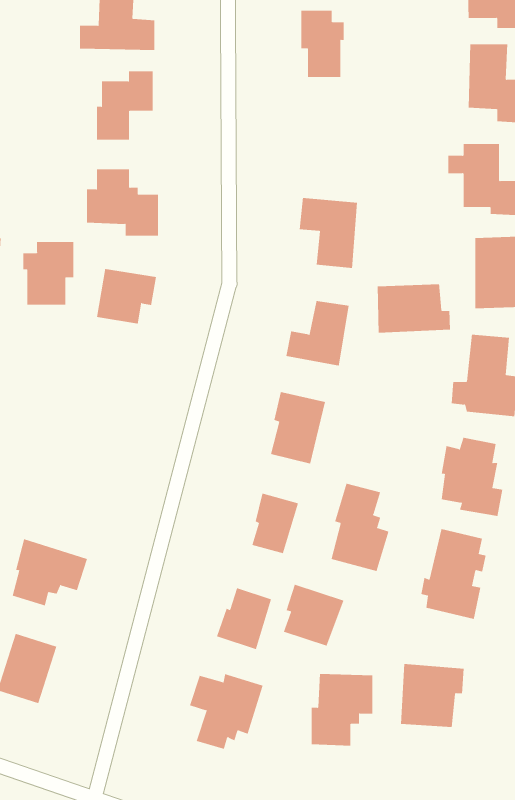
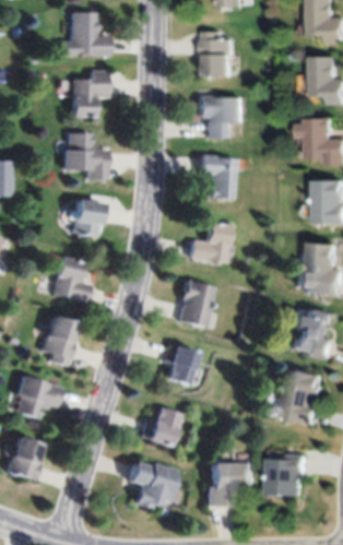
building: none -> [200,96,239,137]
building: [23,241,74,305] -> none
building: [377,284,451,333] -> none
building: none -> [54,257,93,304]
building: none -> [44,313,81,367]
building: [331,483,389,572] -> none
building: [283,584,344,647] -> none

